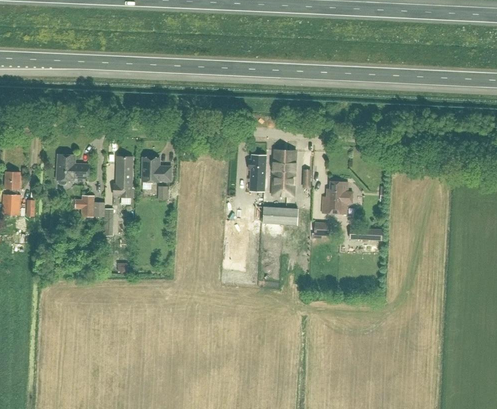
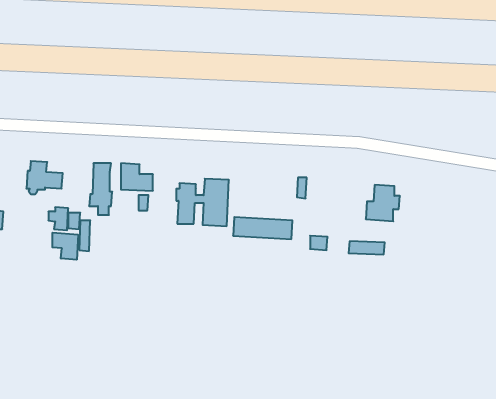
building: [247,150,295,193] -> [176,179,229,226]
building: [321,181,352,214] -> [366,185,400,221]
building: none -> [52,233,78,260]

